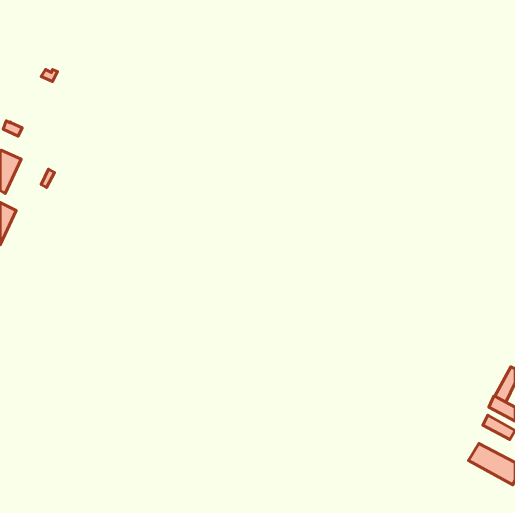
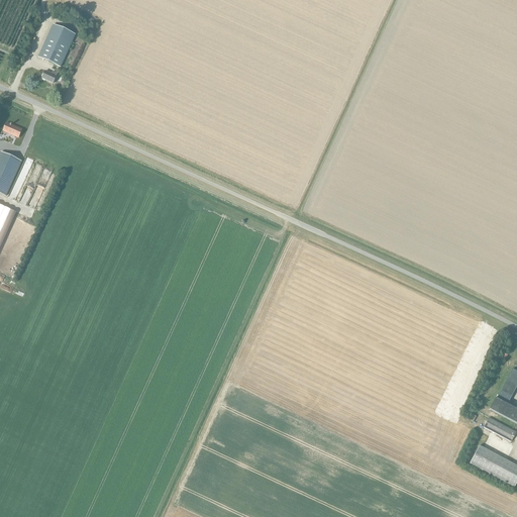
building: none -> [38,23,75,66]

